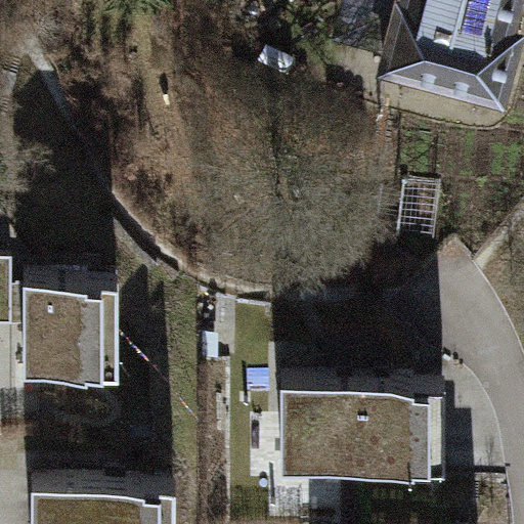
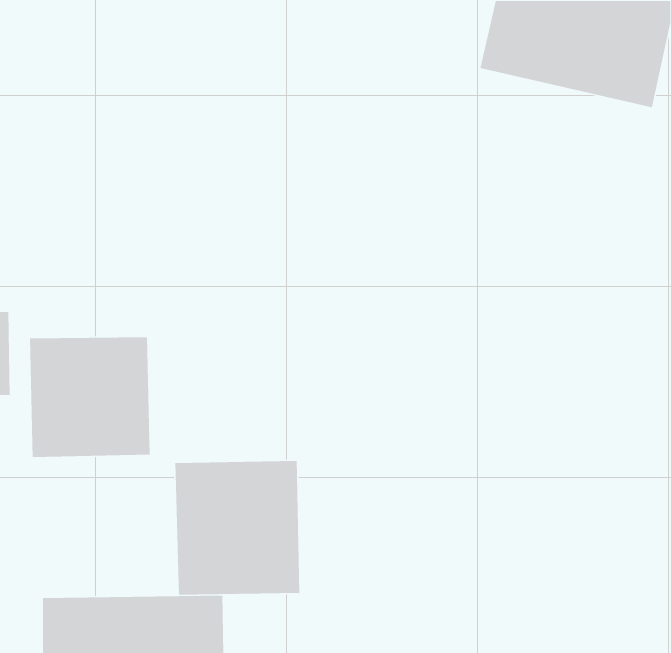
building: none -> [174,460,300,596]
building: [279,381,443,469] -> none

